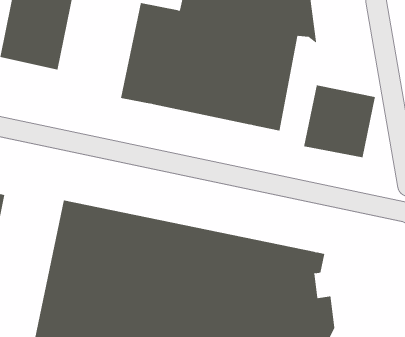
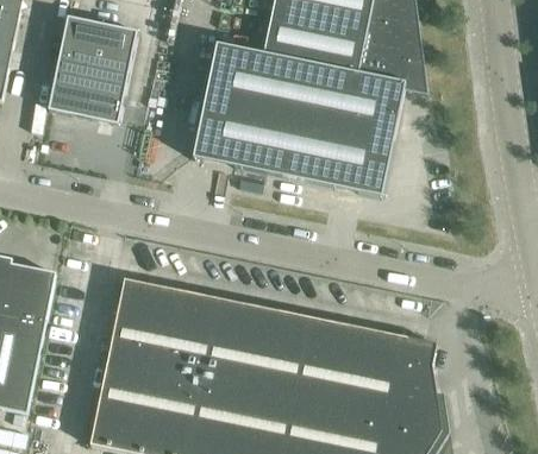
building: [304,84,375,158] -> none

